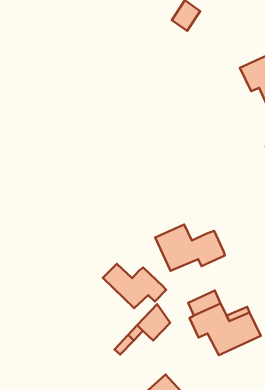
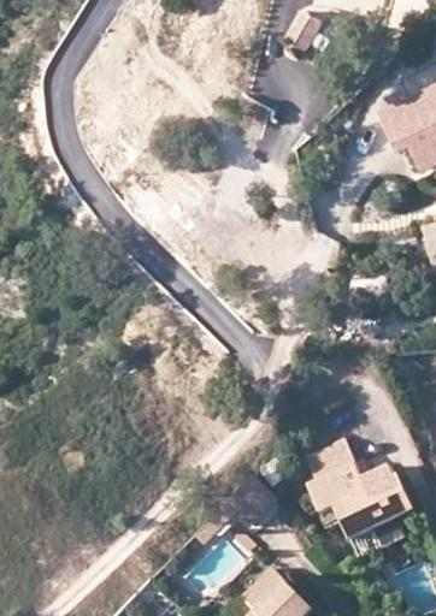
building: [155,225,225,271] -> none
building: [103,264,166,308] -> none

